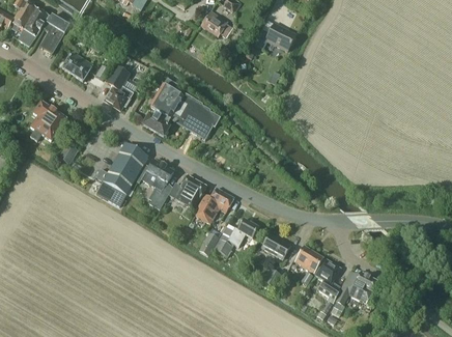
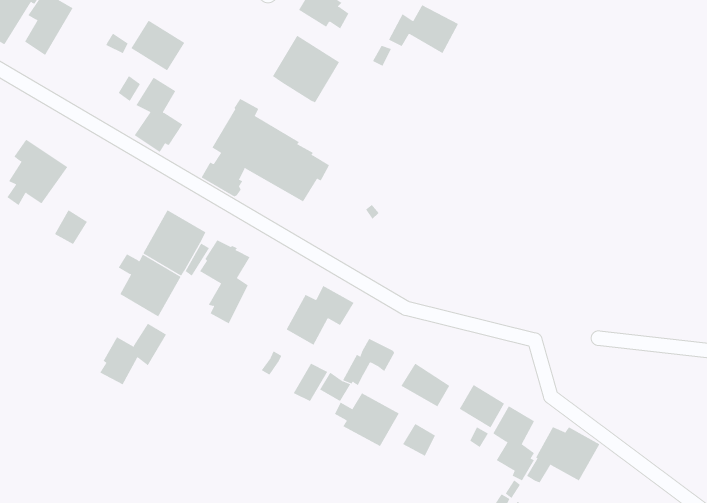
building: none -> [272,35,340,103]
building: [61,51,93,81] -> [130,20,185,71]
building: [171,175,206,204] -> none
building: none -> [100,323,167,385]
building: none -> [334,393,400,447]

